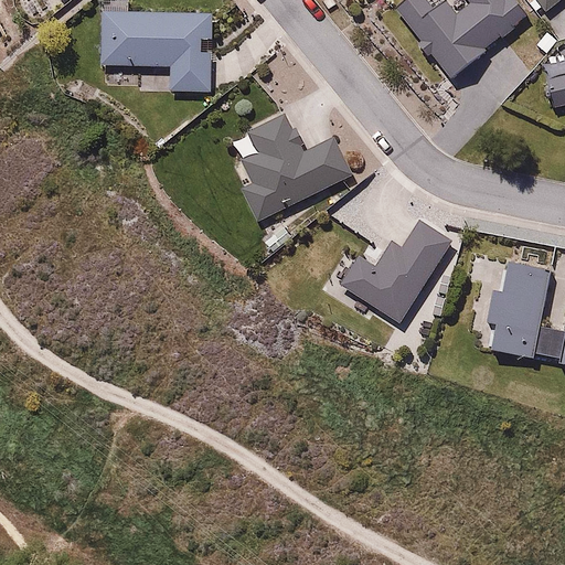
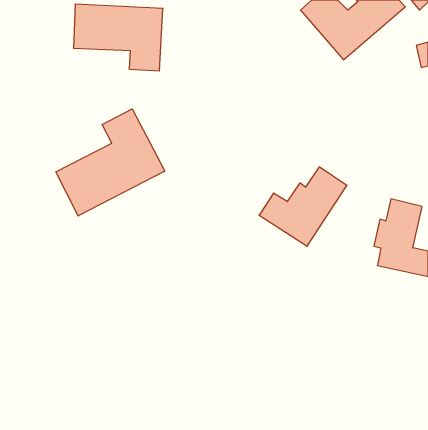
building: [228,108,354,222] -> none
building: none -> [56,109,165,216]

